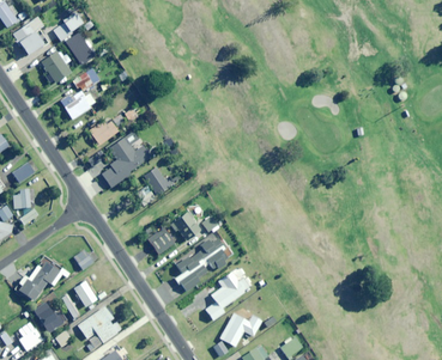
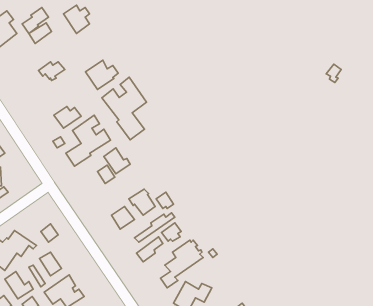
building: [42,51,71,83] -> [63,5,90,33]
building: [60,87,96,120] -> [86,60,118,89]
building: none -> [102,77,147,140]

